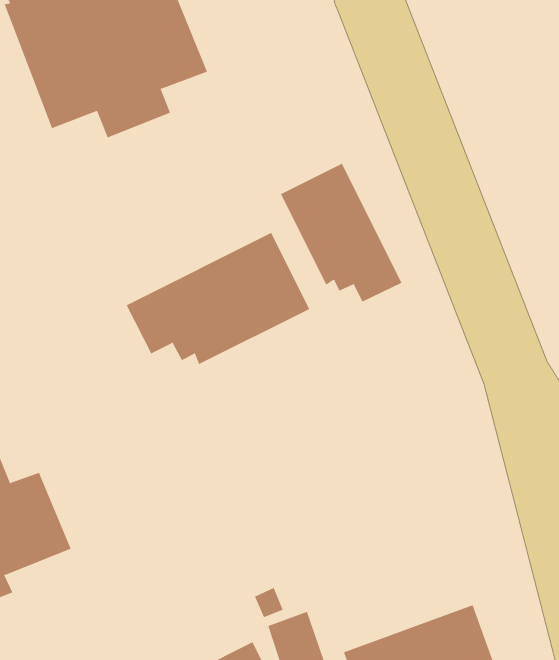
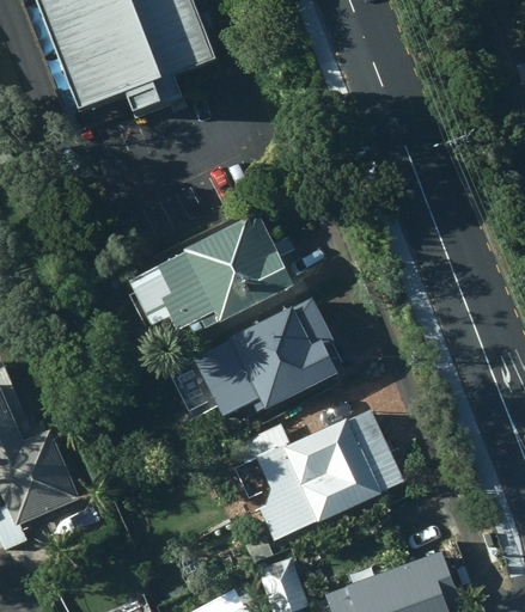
building: [280,163,402,302] -> none
building: none -> [197,295,349,415]
building: none -> [234,408,404,540]

